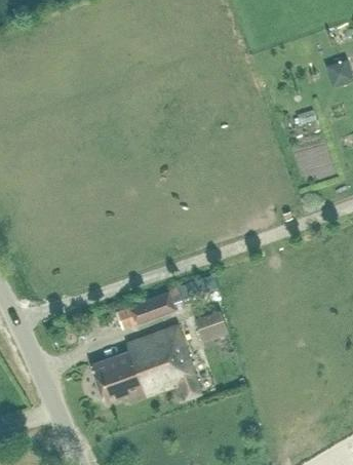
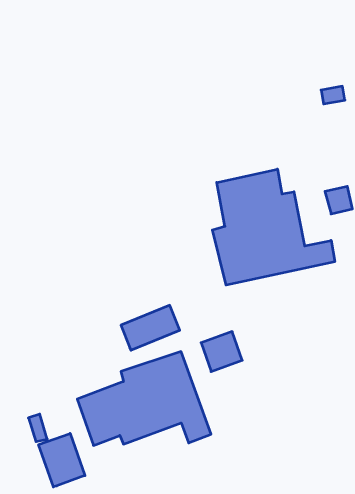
building: none -> [212,169,335,285]
building: none -> [39,433,85,487]

